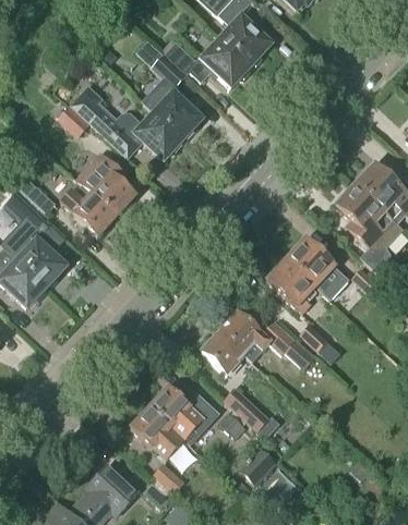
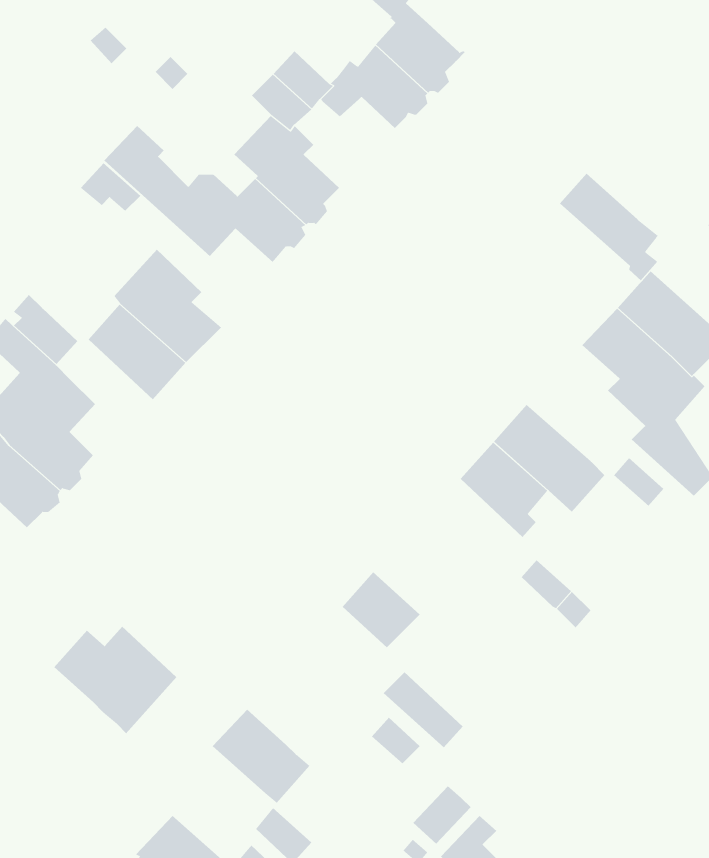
building: none -> [559,173,659,281]
building: [218,312,312,368] -> none
building: [148,384,217,444] -> [53,626,177,734]

